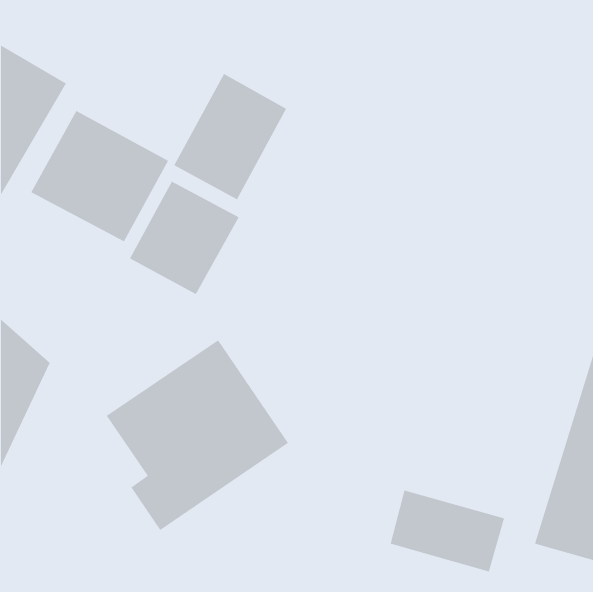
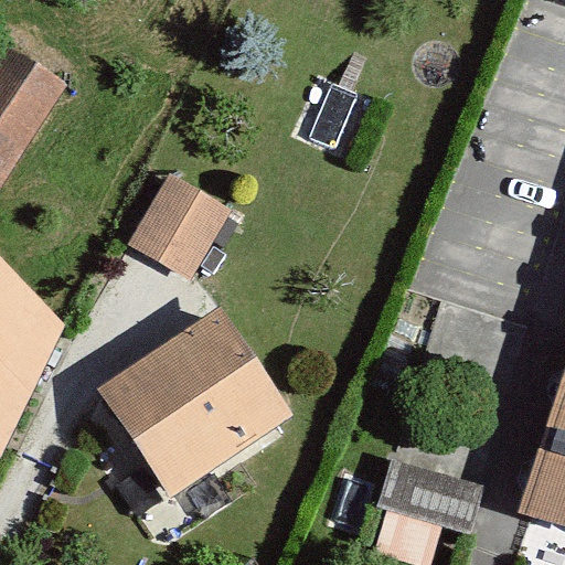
building: [173,73,287,200] -> none
building: [30,110,169,242] -> none

